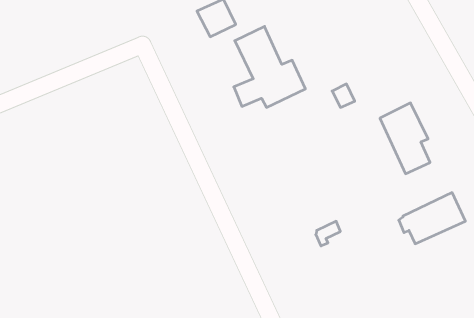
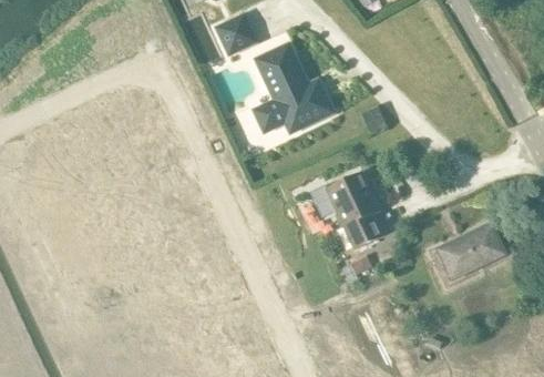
building: [380,103,430,174] -> [326,171,380,247]

